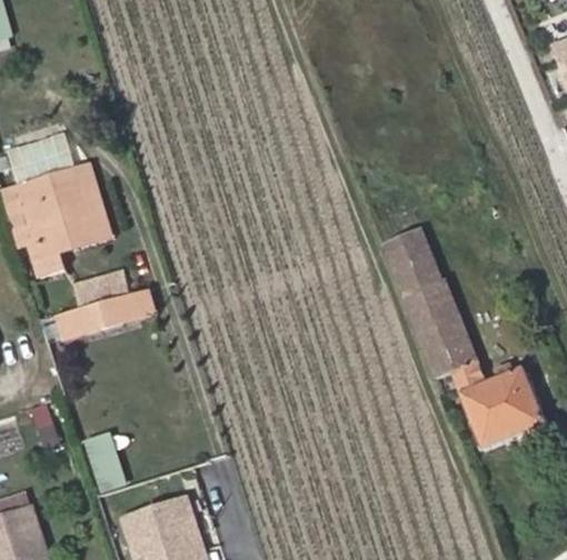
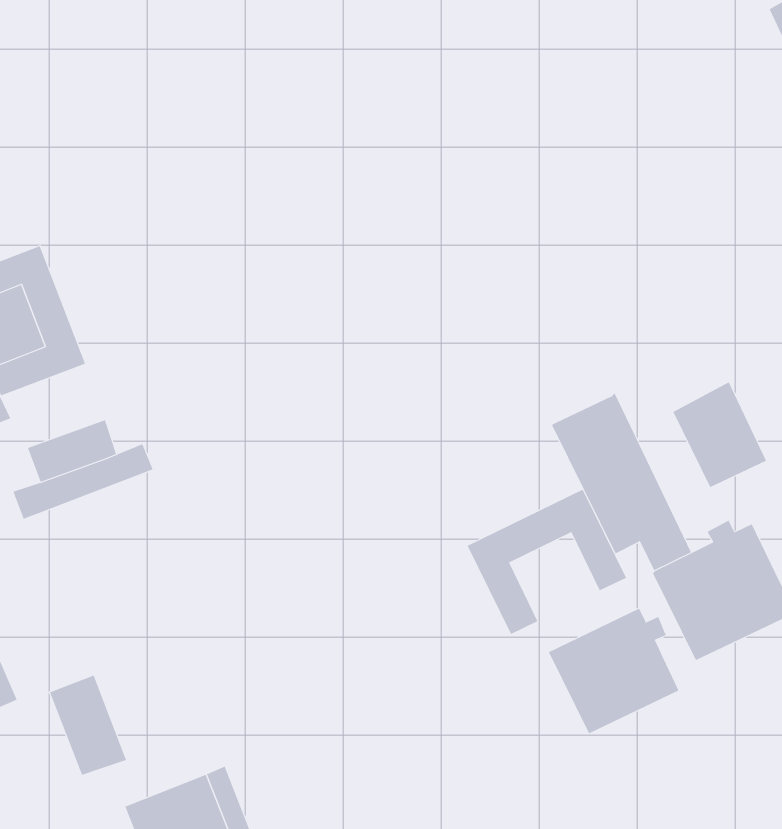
building: [385,229,441,294] -> [673,381,767,488]
building: none -> [467,489,627,635]
building: none -> [548,608,679,734]

